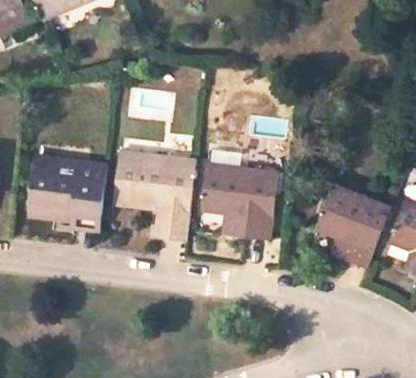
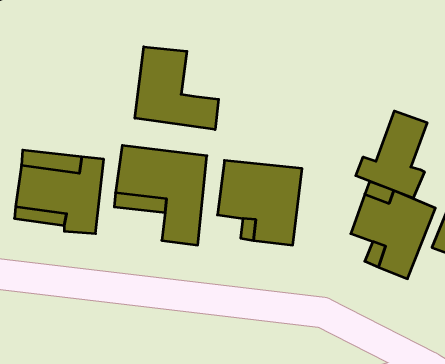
building: none -> [135,47,219,130]
building: none -> [356,111,427,198]

